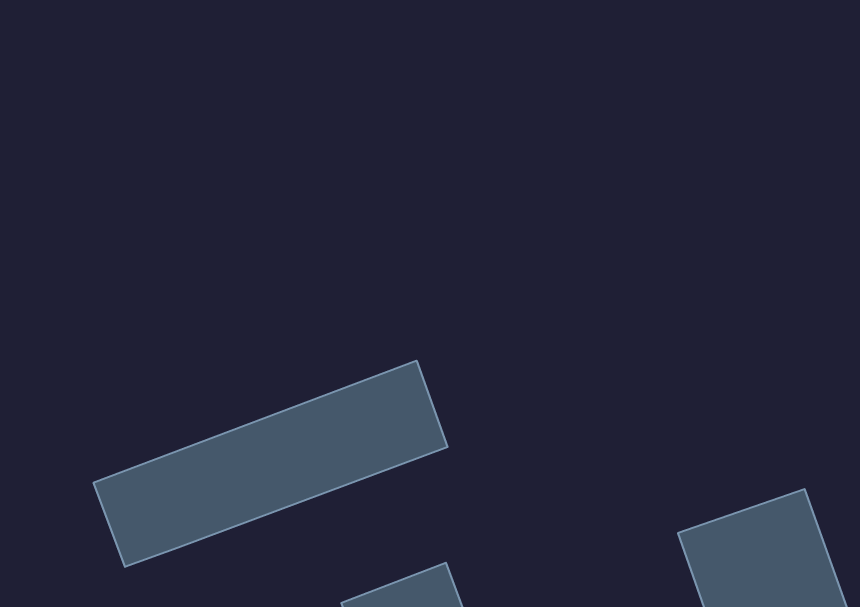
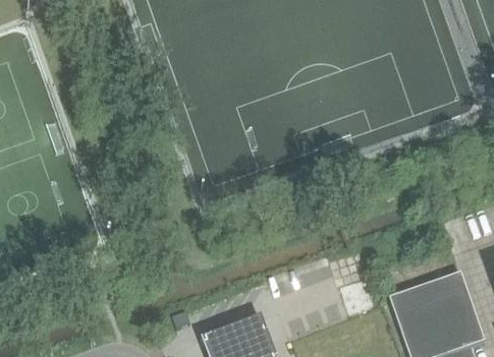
building: [94,361,448,567] -> none

